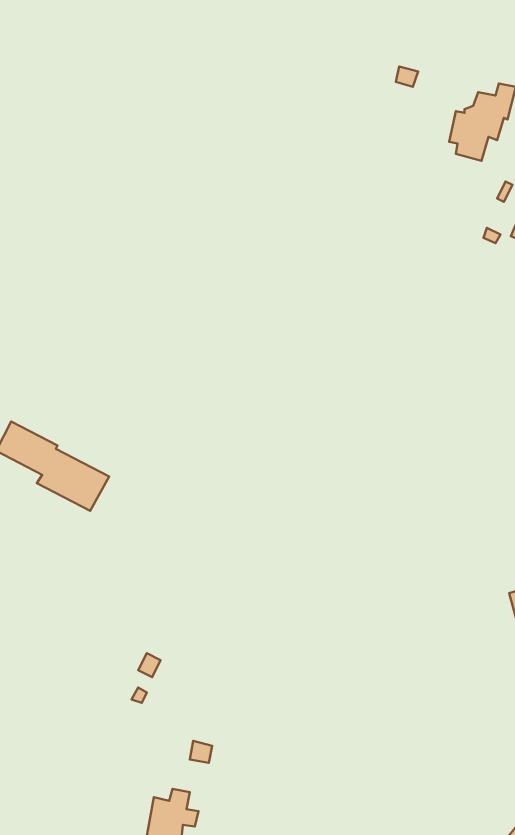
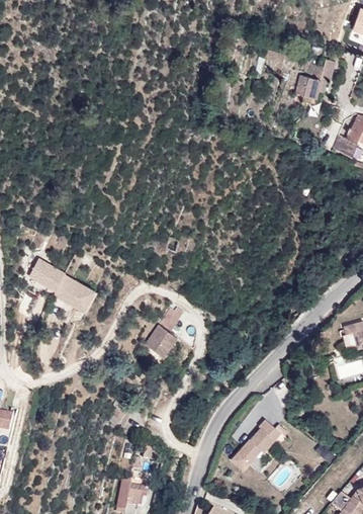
building: none -> [145,312,179,355]
building: none -> [231,419,280,469]

